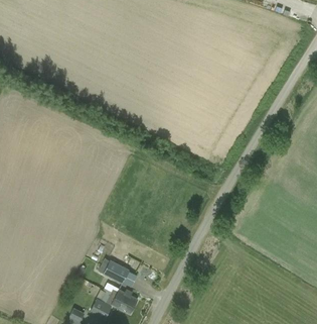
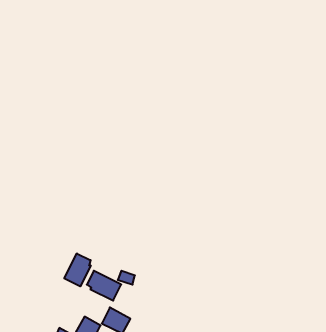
building: none -> [64,253,91,286]

